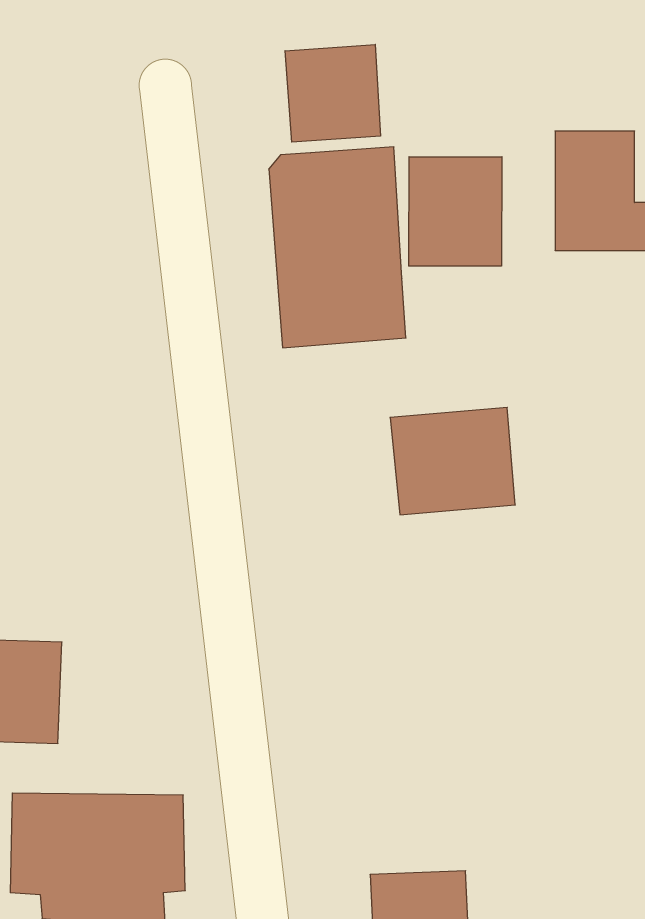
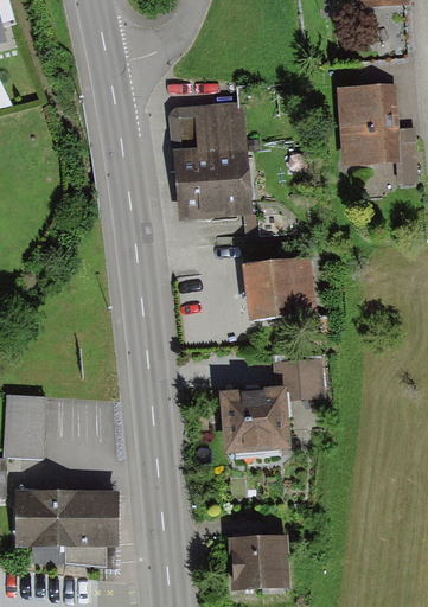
building: [285,44,380,142] -> none
building: [409,157,502,266] -> none
building: none -> [218,359,325,452]

